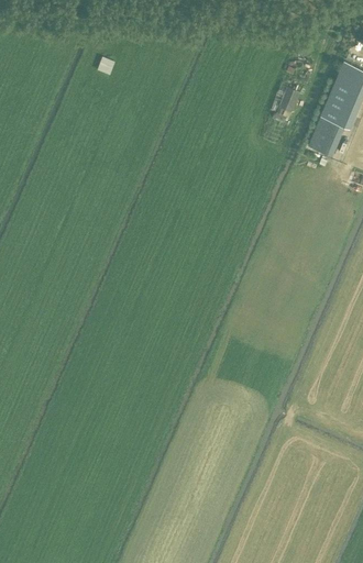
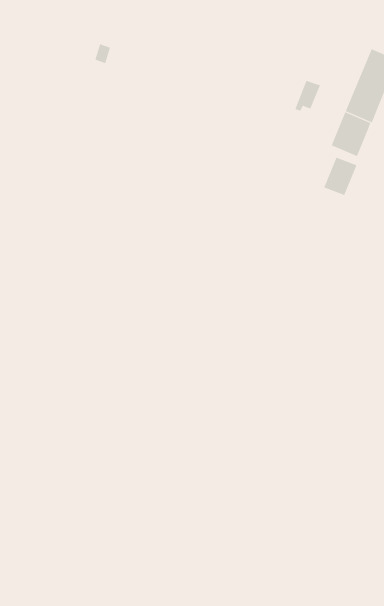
building: none -> [323,157,357,196]

